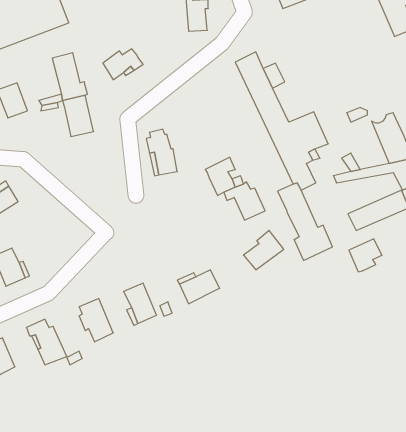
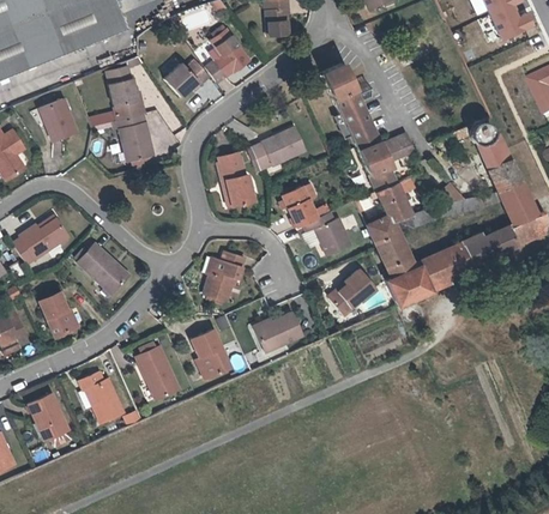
building: none -> [205,30,249,84]
building: none -> [253,127,306,168]
building: none -> [78,243,132,290]
building: none -> [203,252,243,301]
building: [349,239,382,272] -> [420,250,458,289]

